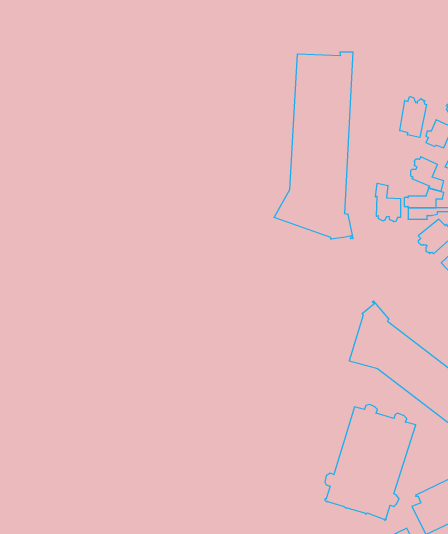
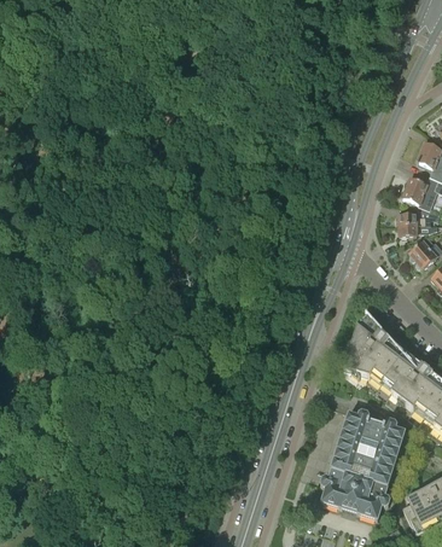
building: [274,52,353,239] -> none
building: [400,97,427,137] -> none
building: [375,183,401,222] -> none

